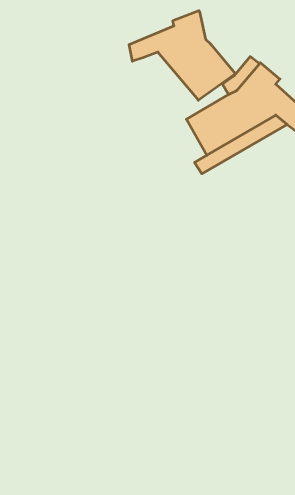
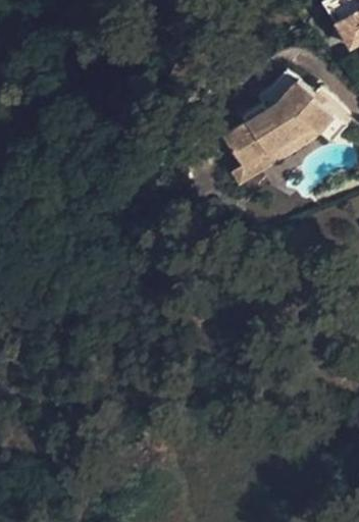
building: [129,11,236,100] -> none

